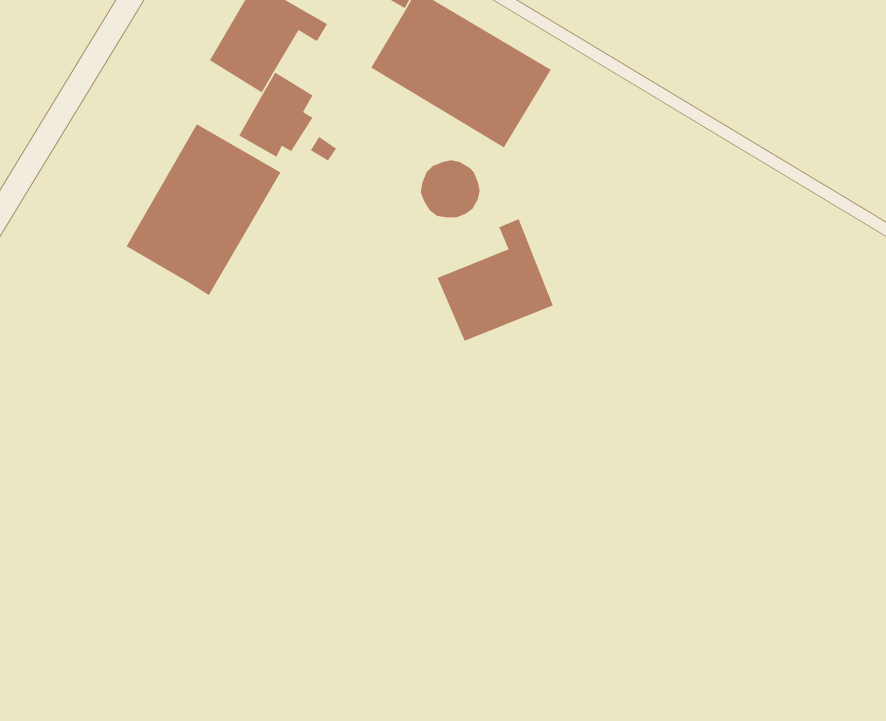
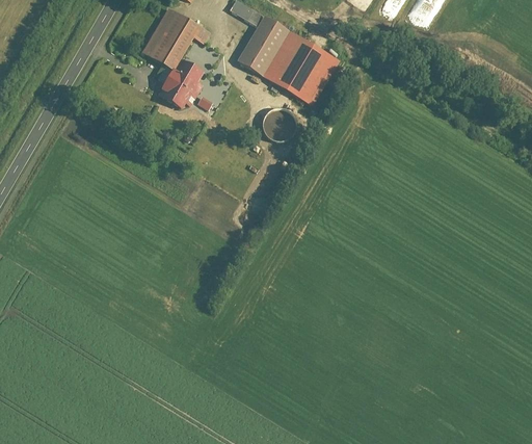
building: [126,123,281,296] -> none
building: [437,218,554,342] -> none

